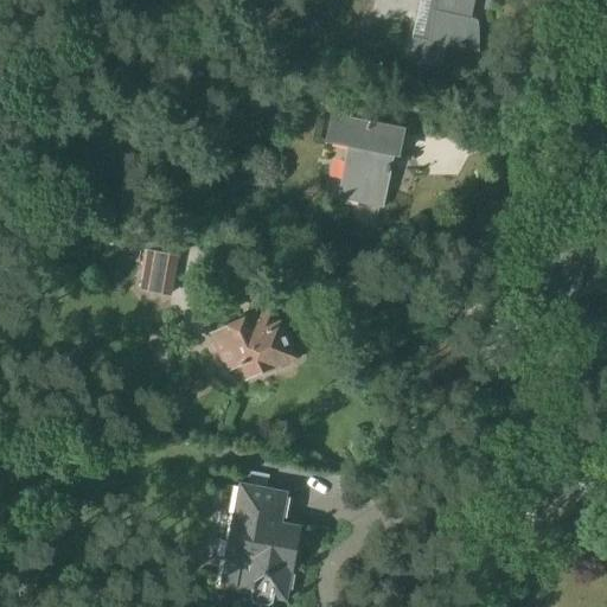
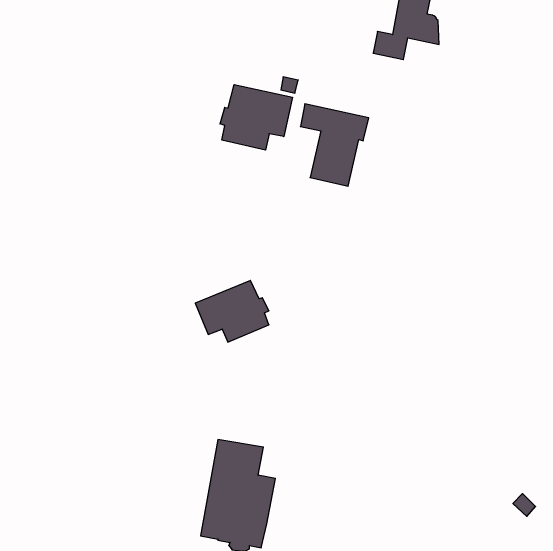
building: none -> [220,85,292,150]
building: [140,249,179,294] -> none

